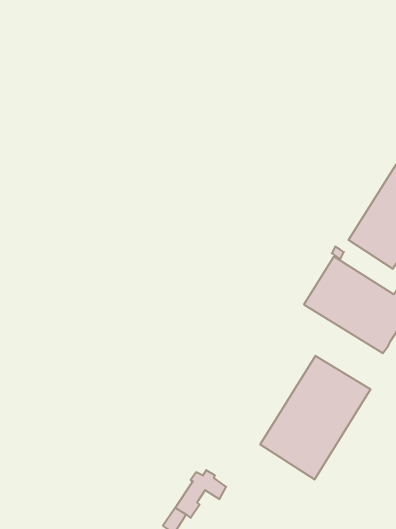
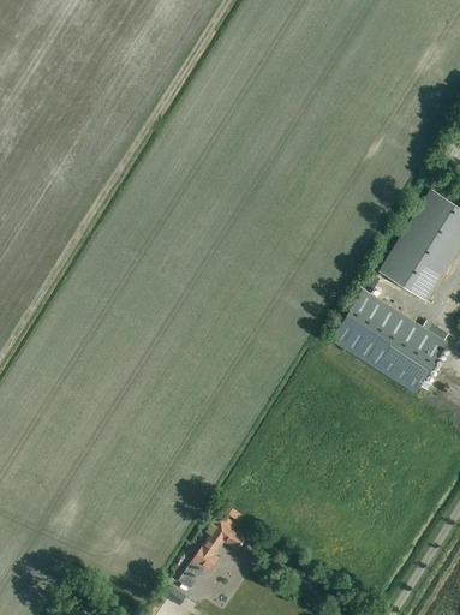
building: [260,356,370,480] -> none

